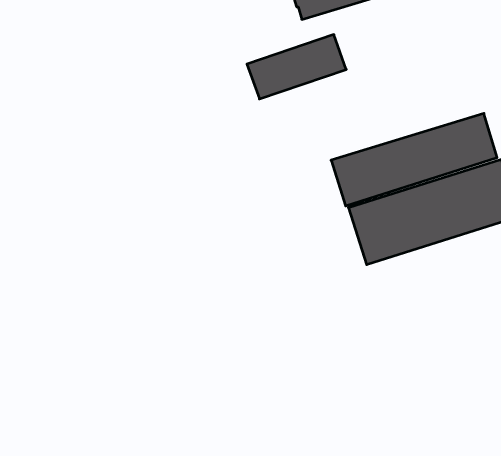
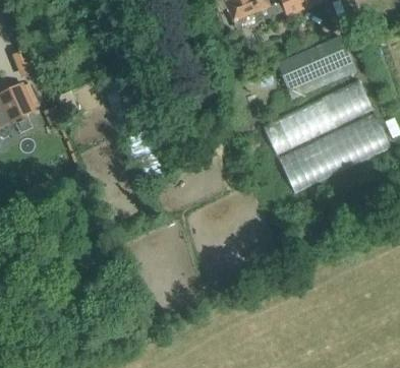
building: [247,35,346,99] -> [281,50,347,97]

